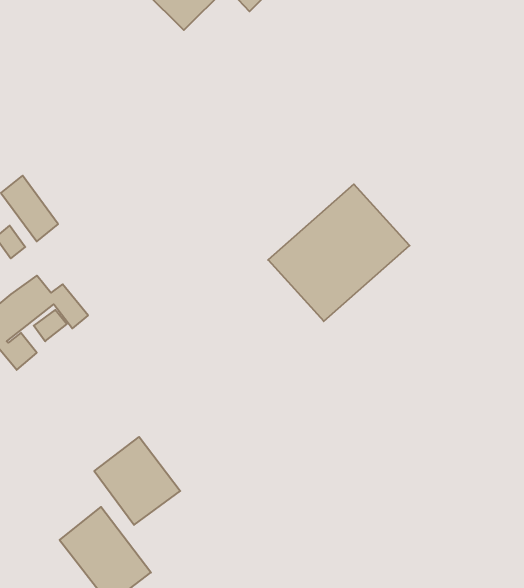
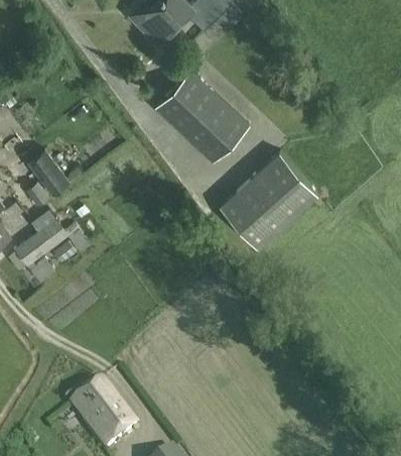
building: none -> [155,71,249,162]
building: [94,437,180,525] -> none

